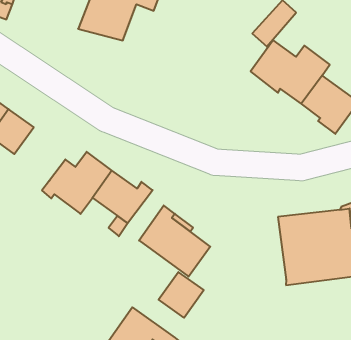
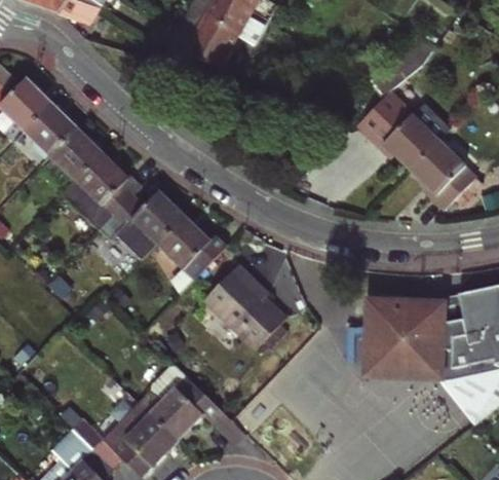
building: none -> [63,153,144,230]
building: [159,272,204,318] -> none

